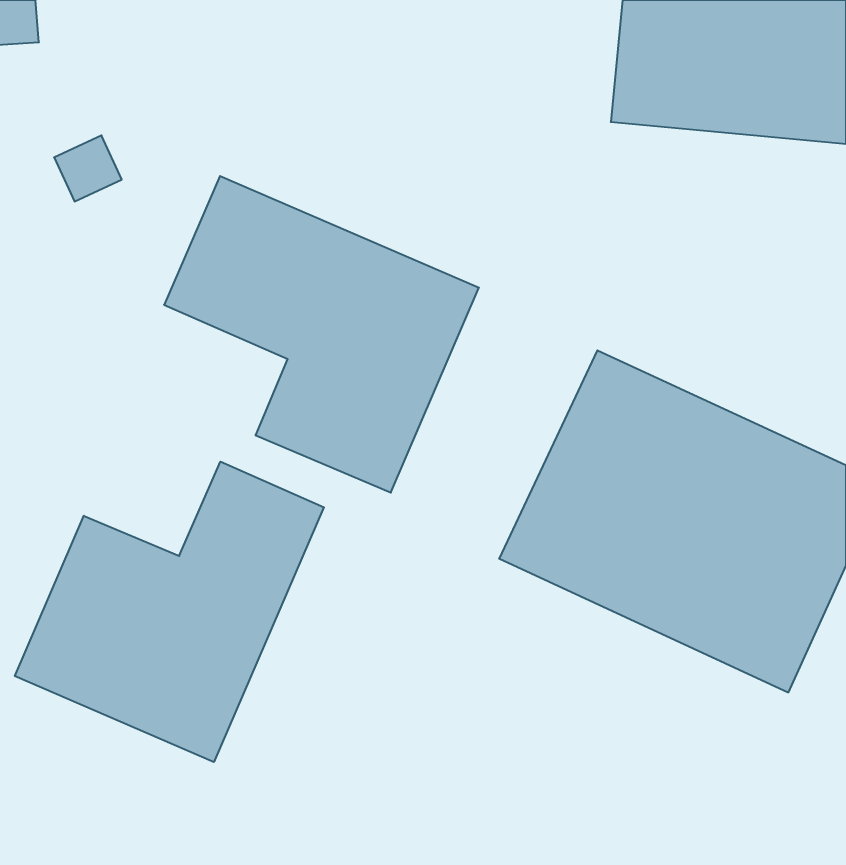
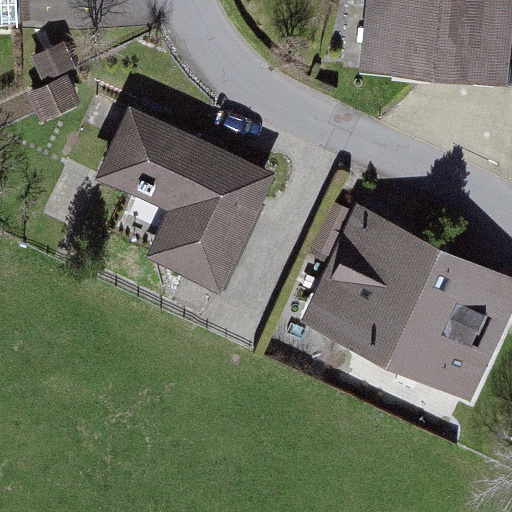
building: [15,462,324,762] -> none

